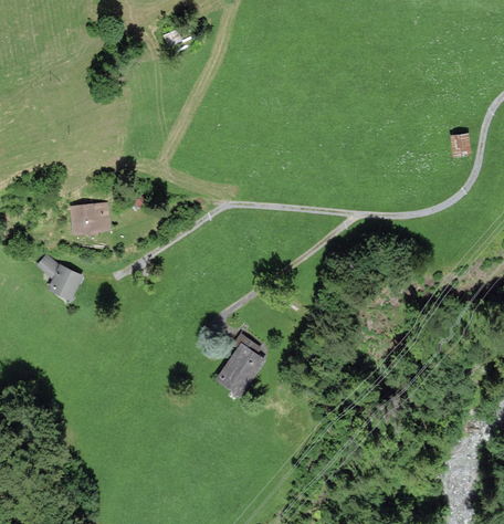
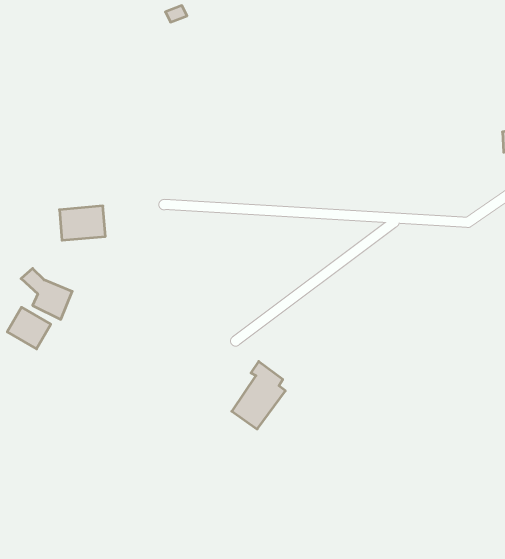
building: none -> [7,307,51,349]

